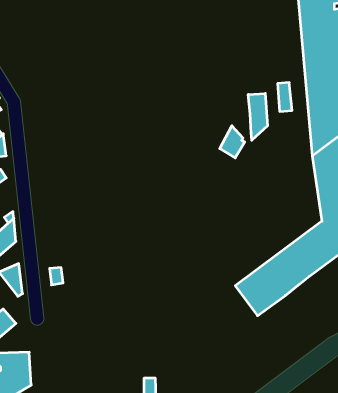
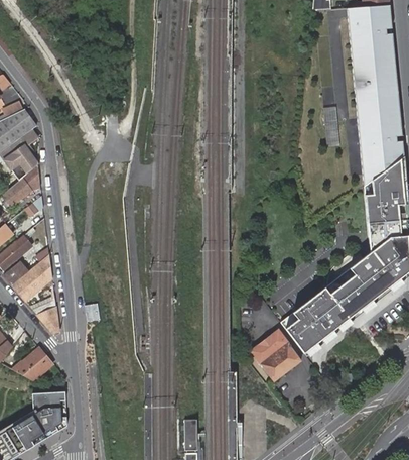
building: [248,93,268,140] -> none
building: [220,126,245,158] -> none
building: none -> [250,330,300,380]

